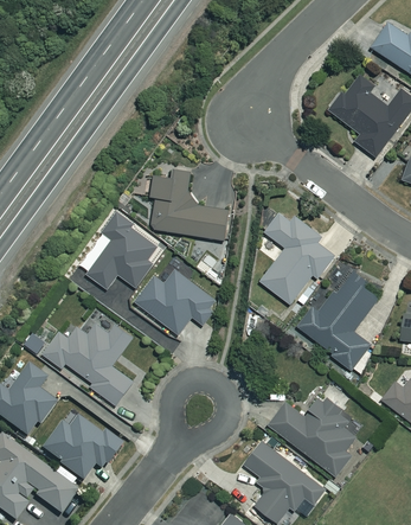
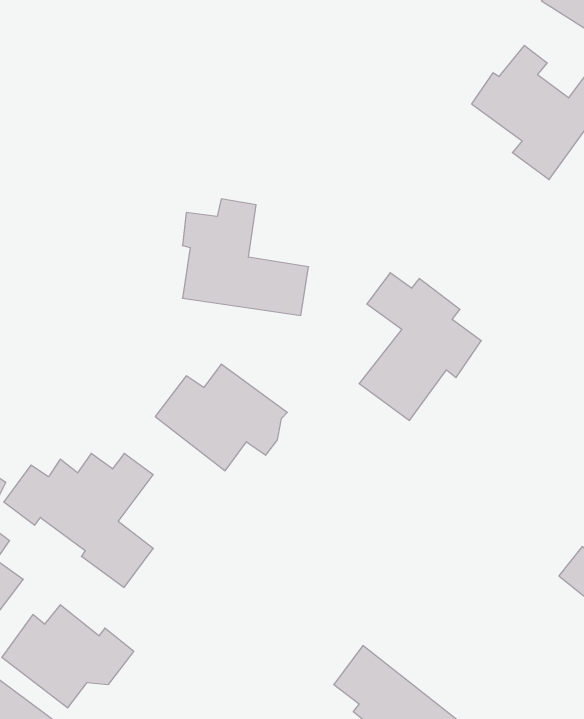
building: [77,211,159,289] -> none
building: [297,270,381,384] -> none
building: [268,393,355,475] -> none

